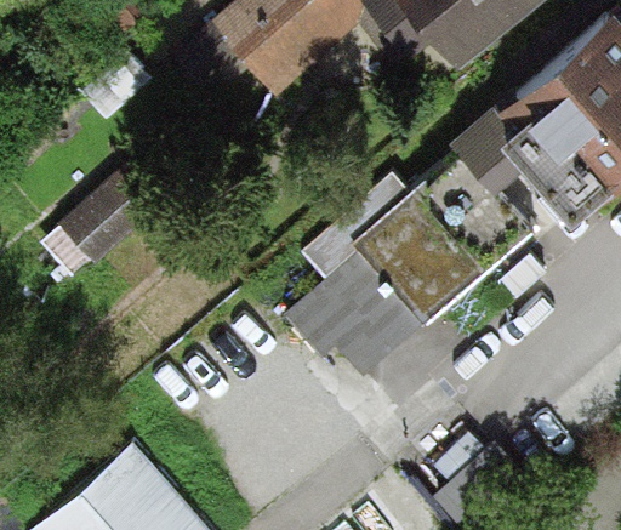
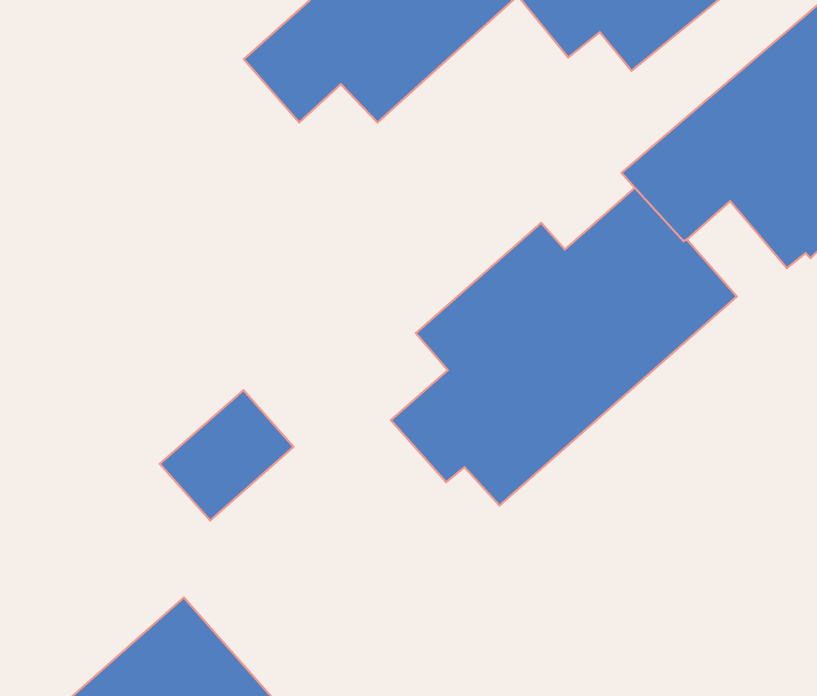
building: [59,171,156,266] -> [160,390,294,521]

